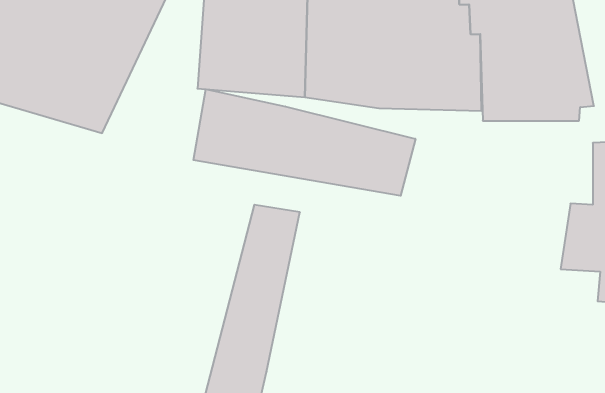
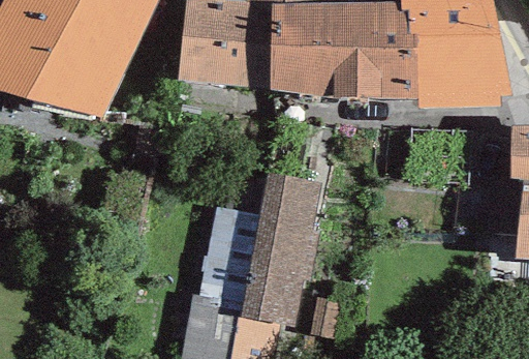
building: [193,89,415,196] -> none
building: none -> [239,175,325,330]

